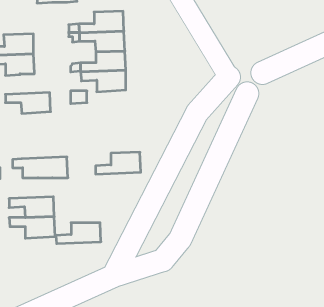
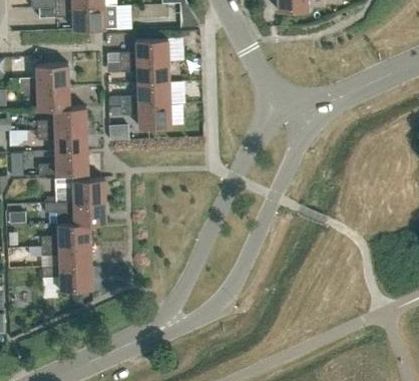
building: none -> [36,107,86,131]
building: none -> [38,150,88,174]
building: [96,152,141,174] -> [55,178,105,203]
building: [56,223,101,244] -> [40,224,90,247]

